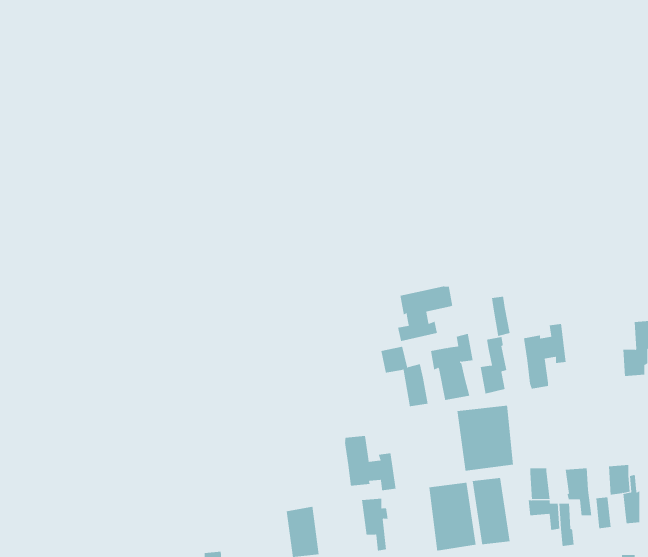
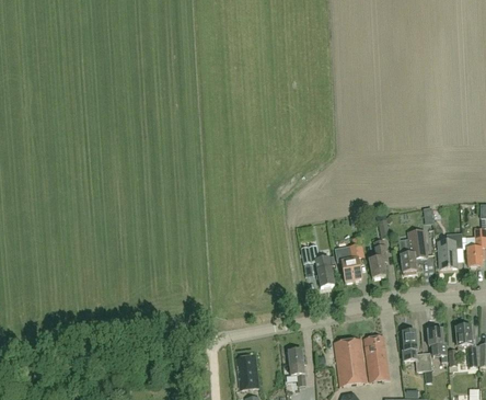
building: [398,285,453,342] -> none
building: none -> [438,233,462,268]
building: [457,405,513,472] -> none
building: [344,435,396,491] -> none

